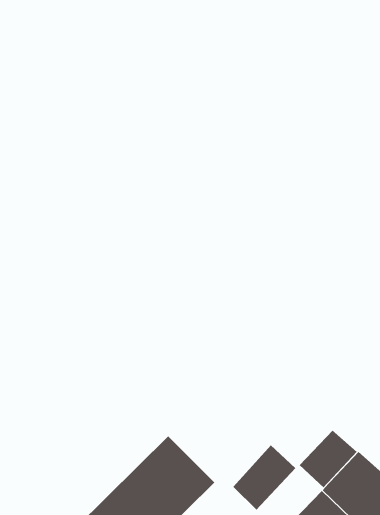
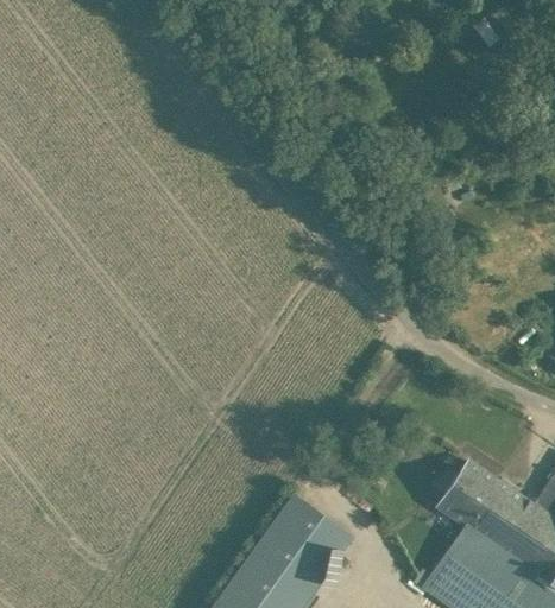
building: [232,445,296,510] -> none

